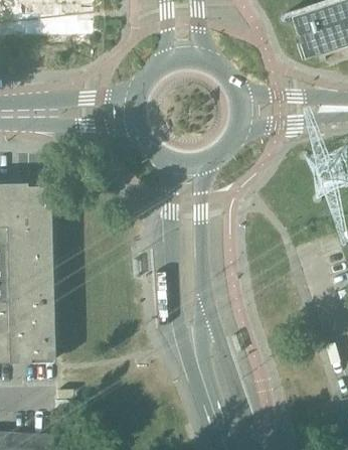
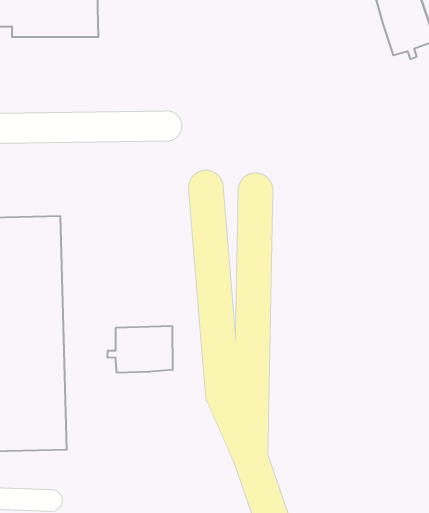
building: none -> [108,326,173,373]

